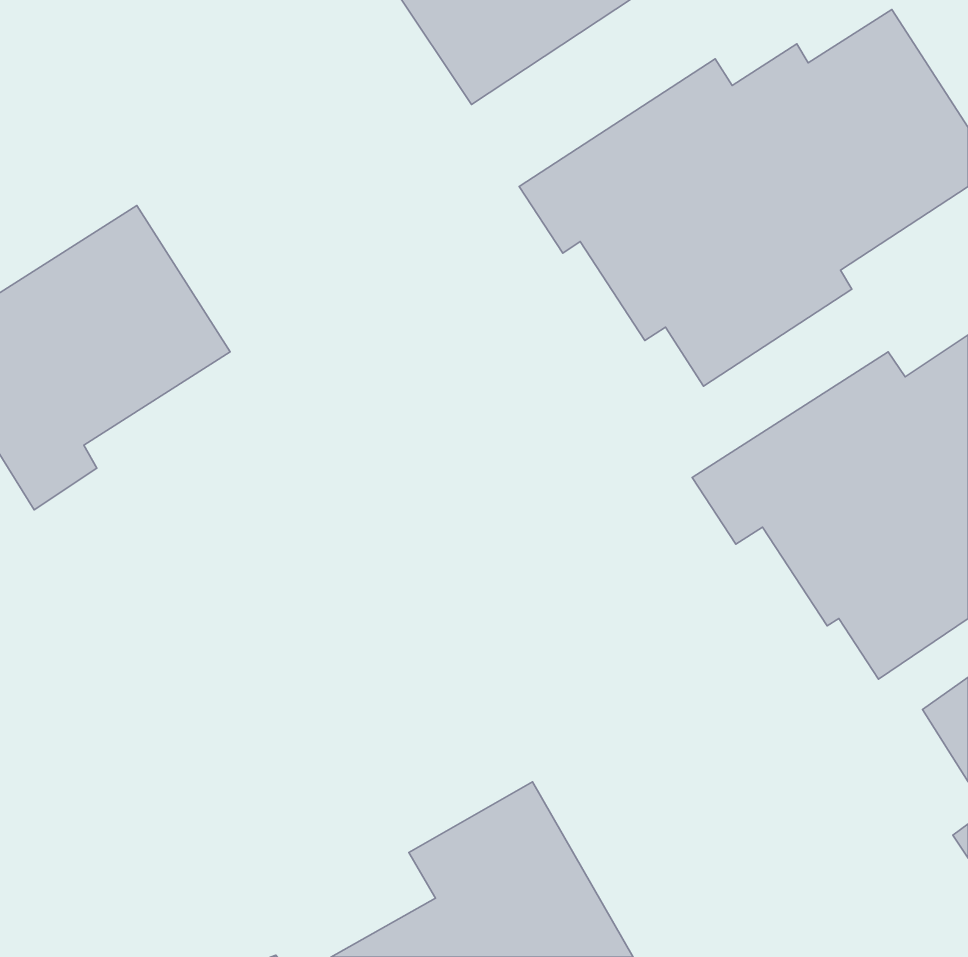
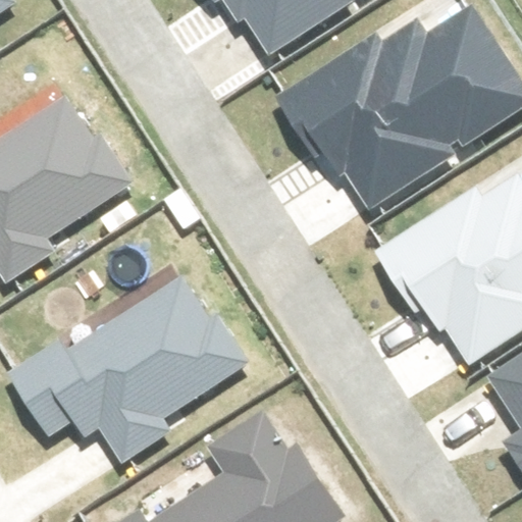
building: none -> [31,292,234,453]

